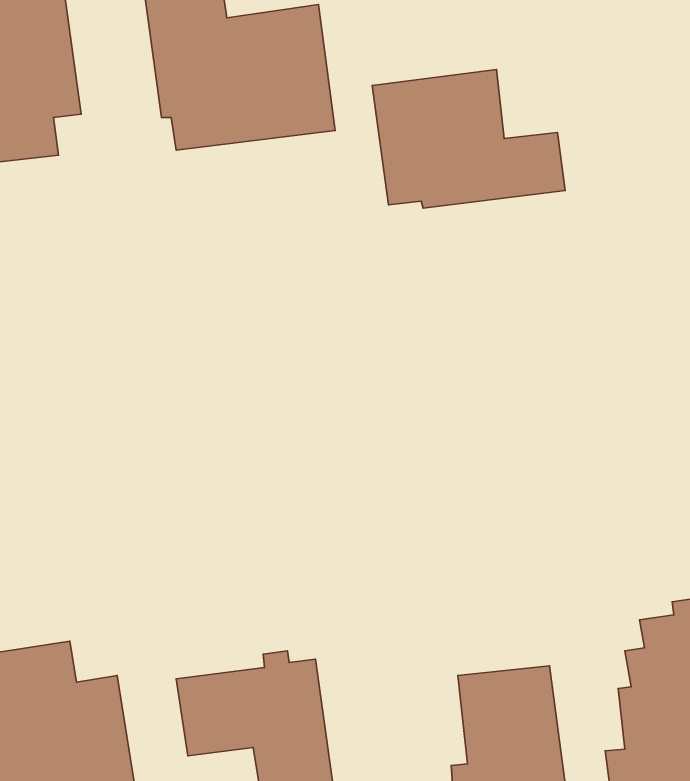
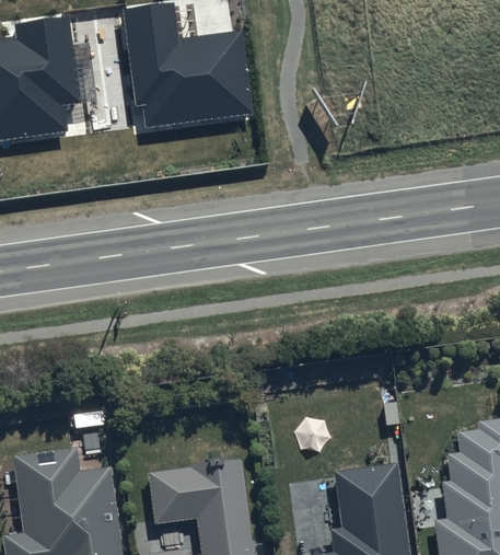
building: [372,69,565,208] -> none

